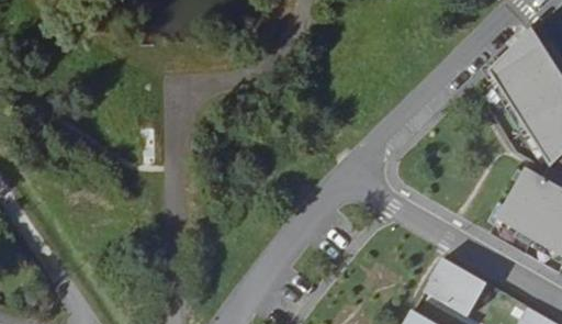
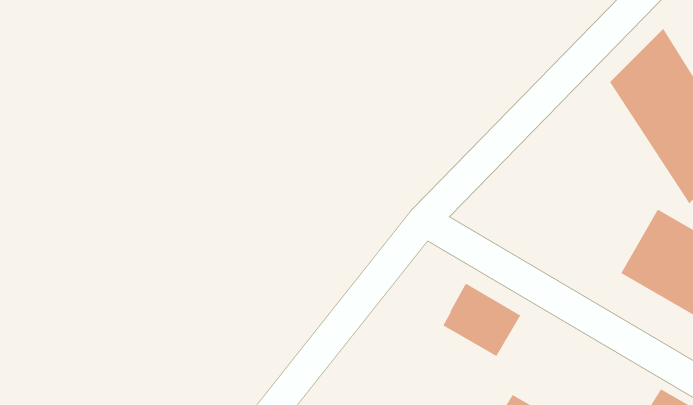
building: [426,257,486,314] -> [443,283,521,357]

